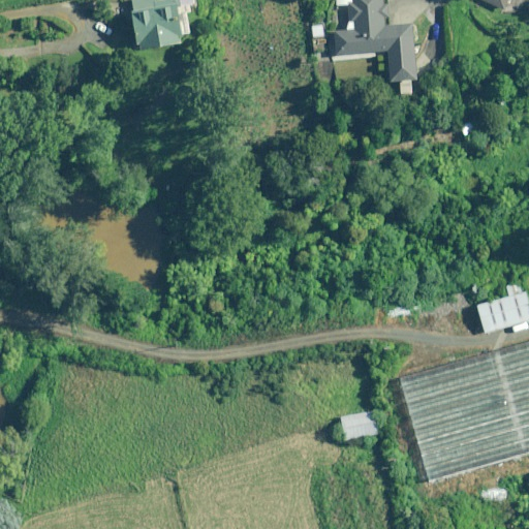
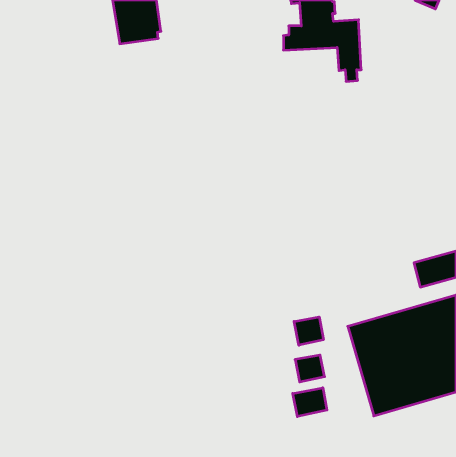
building: none -> [294,317,323,345]
building: none -> [293,388,327,417]

